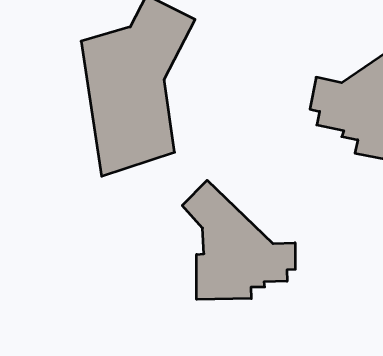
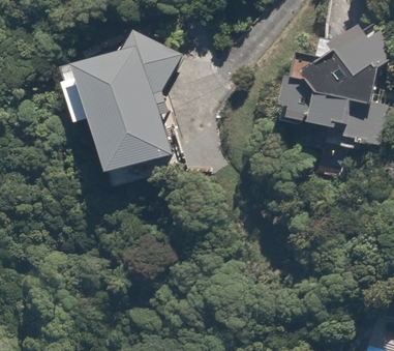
building: [182,180,295,299] -> none

